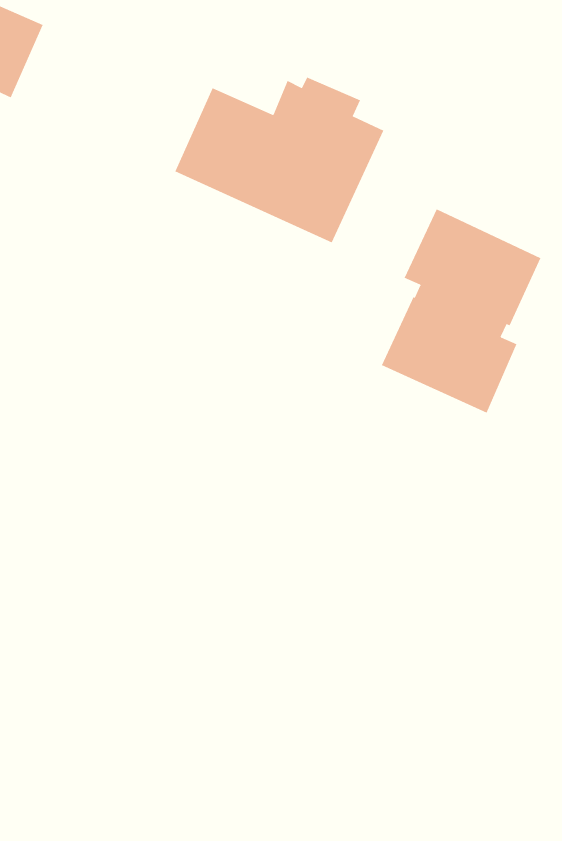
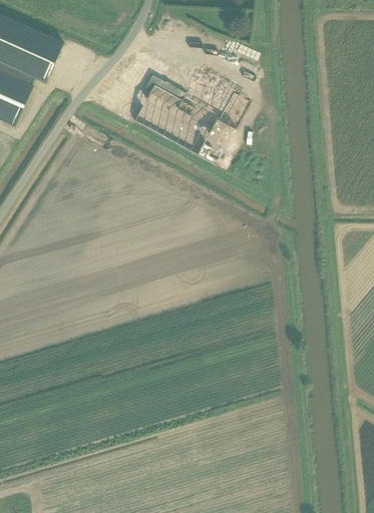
building: [381,208,541,414] -> none

